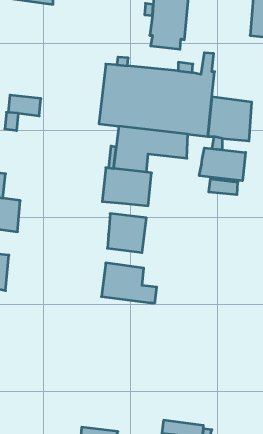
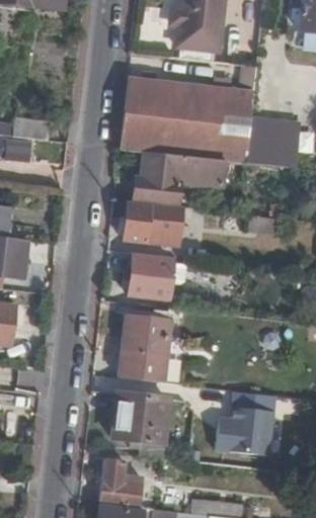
building: [199,148,246,181] -> none
building: none -> [121,352,185,384]
building: none -> [215,390,272,451]
building: none -> [114,394,168,450]
building: none -> [101,457,142,503]

